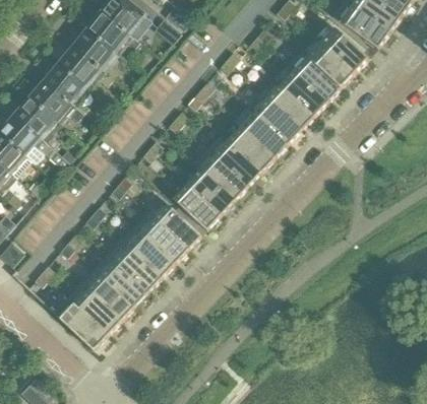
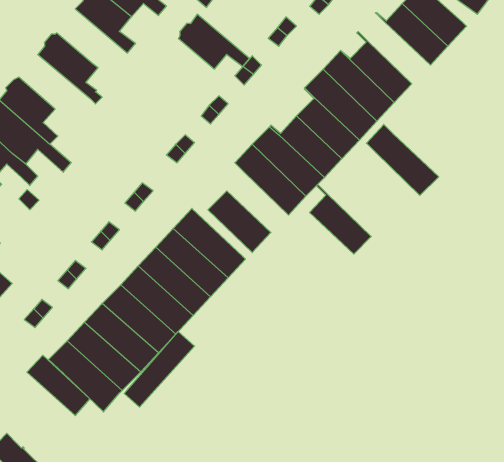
building: [59,45,113,86] -> [178,14,249,69]
building: [288,48,343,102] -> [366,124,439,195]
building: [30,79,84,121] -> none
building: [188,161,235,214] -> [310,184,371,254]
building: none -> [124,332,195,407]
building: none -> [27,355,90,416]

